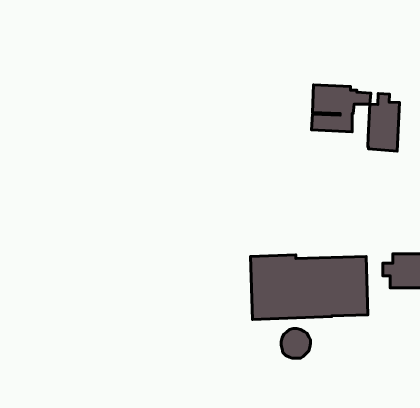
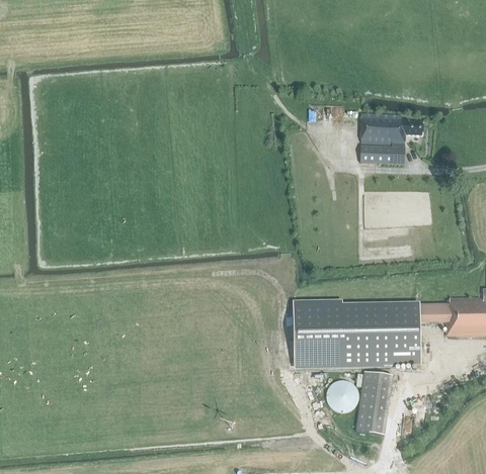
building: [368,94,399,151] -> none
building: none -> [354,370,392,435]

